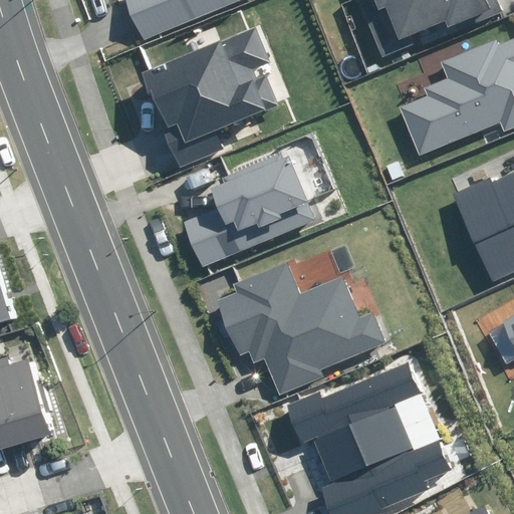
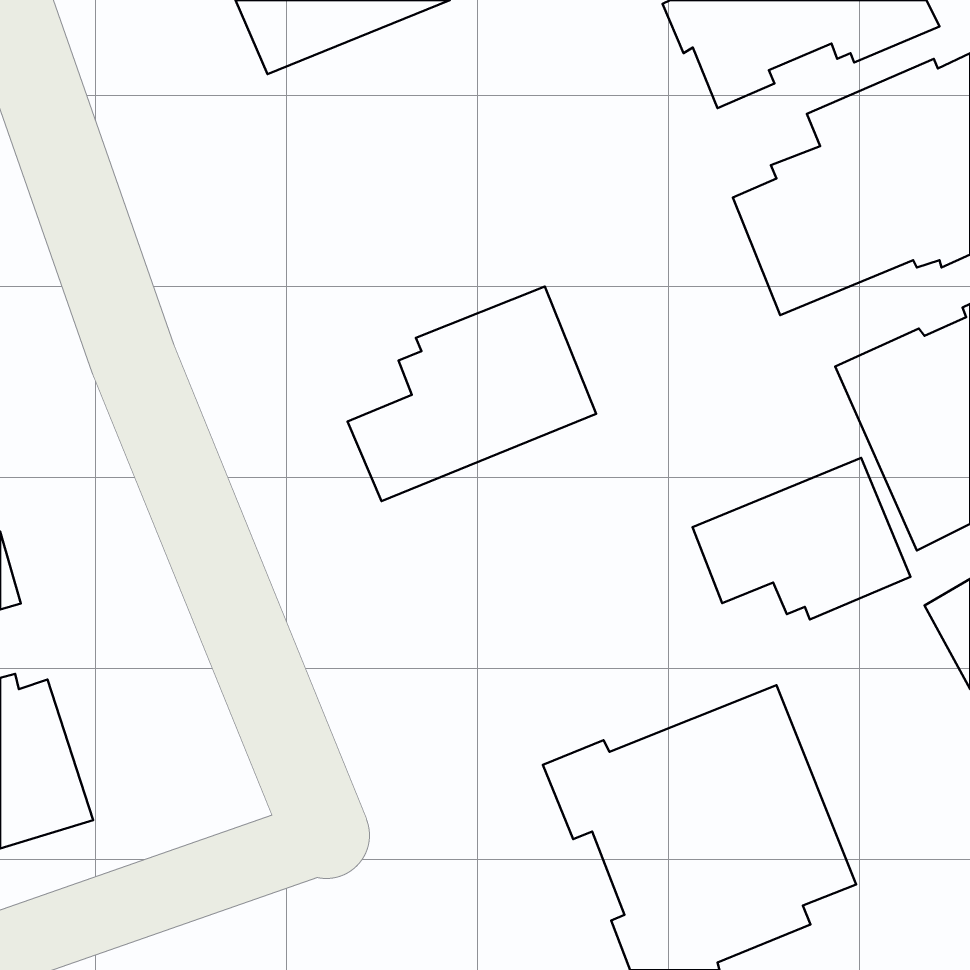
building: [141,28,279,169] -> none
building: none -> [692,458,911,620]
building: [218,262,386,396] -> none

